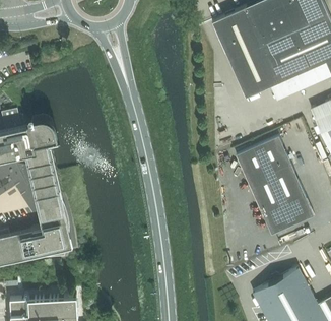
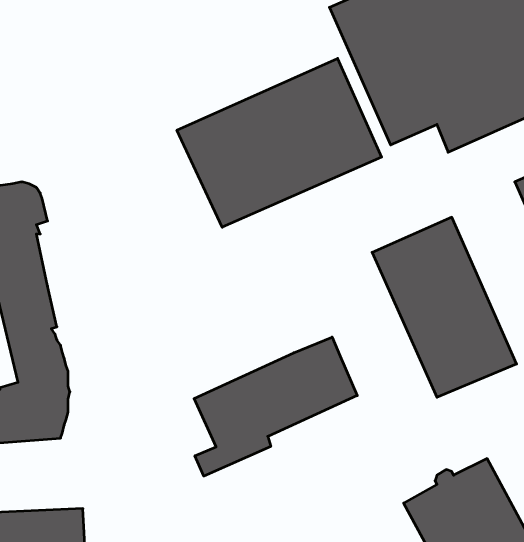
building: none -> [177,58,382,227]
building: none -> [194,337,357,476]

